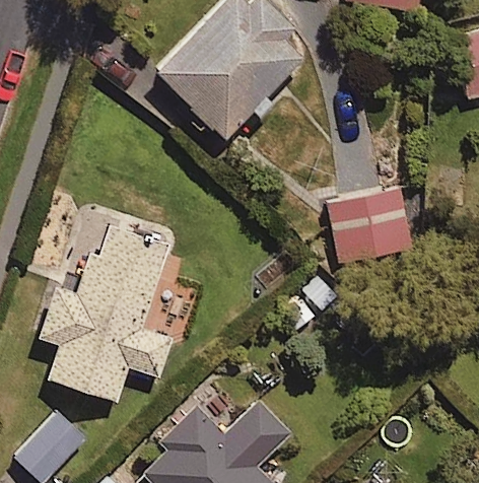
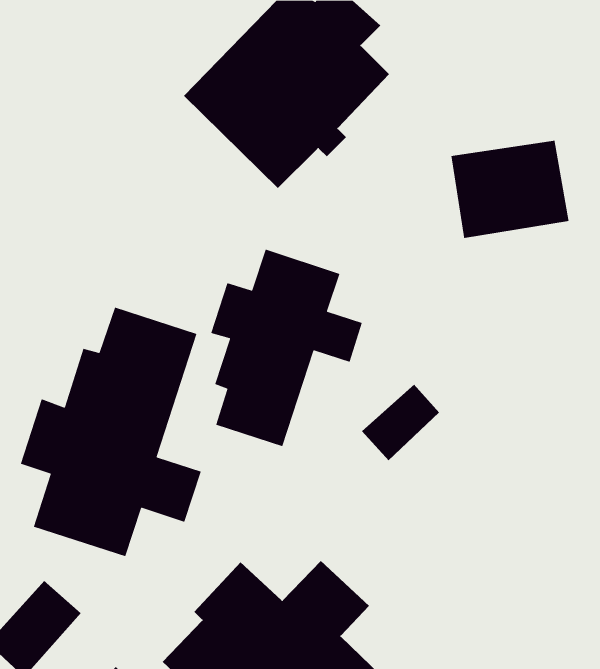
building: none -> [210,249,363,447]
building: [328,192,412,262] -> [450,140,570,239]

